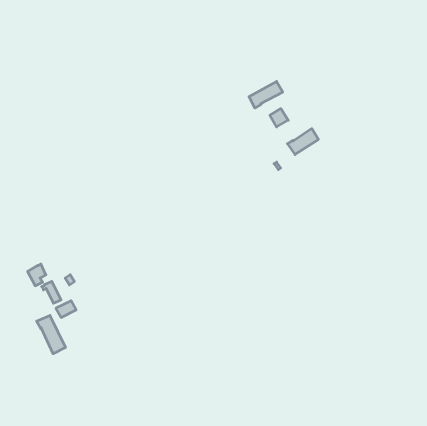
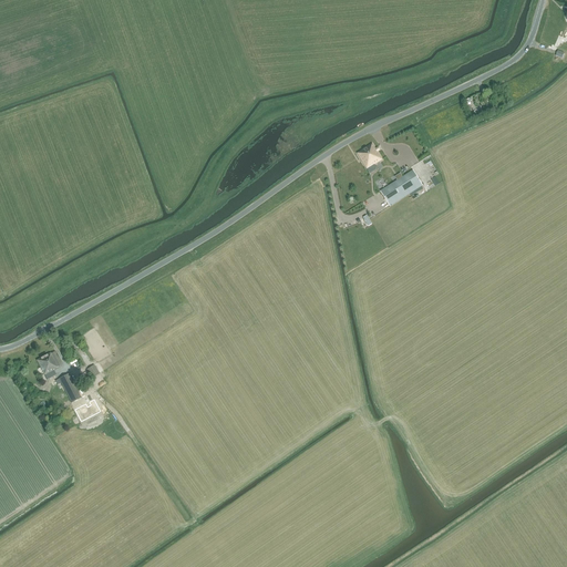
building: [249,81,283,108] -> none
building: [37,315,65,354] -> none

